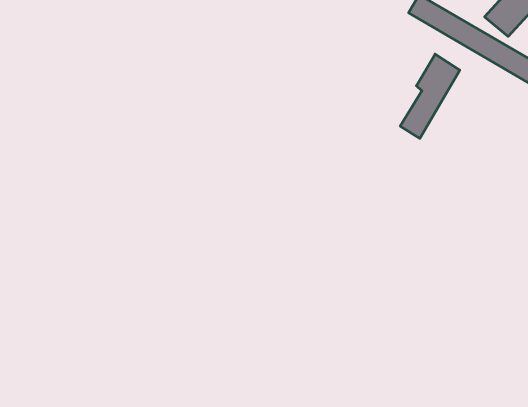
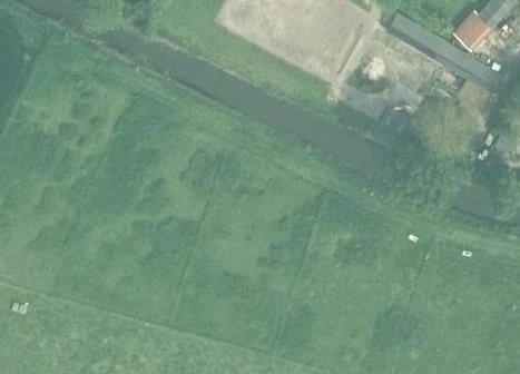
building: [400,54,460,138] -> none

